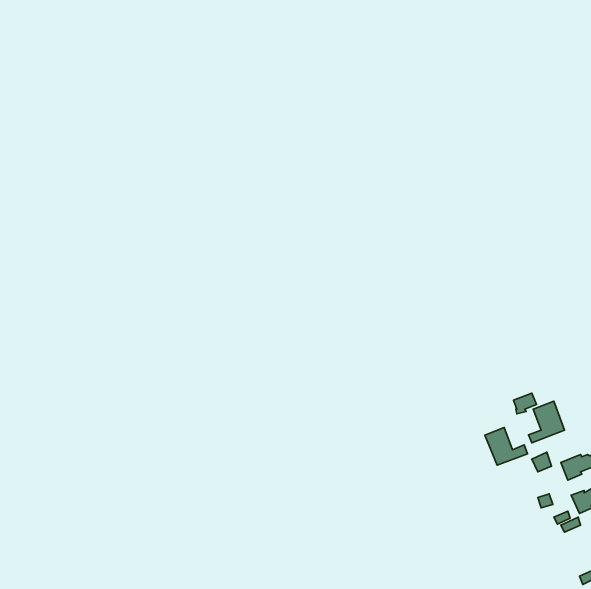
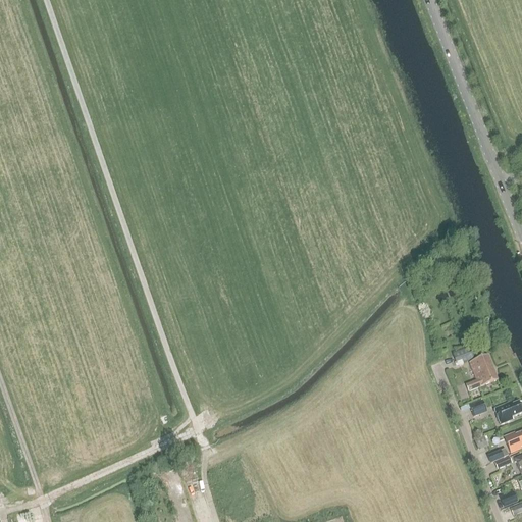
building: [485,428,527,465] -> none

